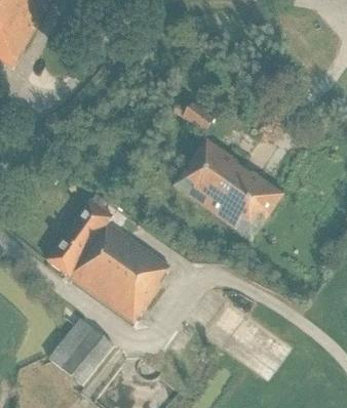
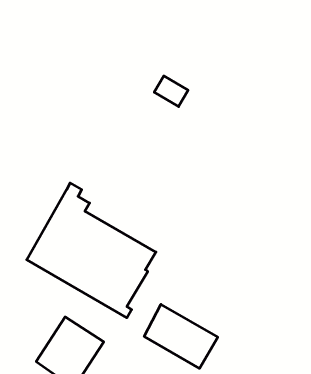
building: [171,136,283,240] -> none
building: none -> [144,304,218,368]

